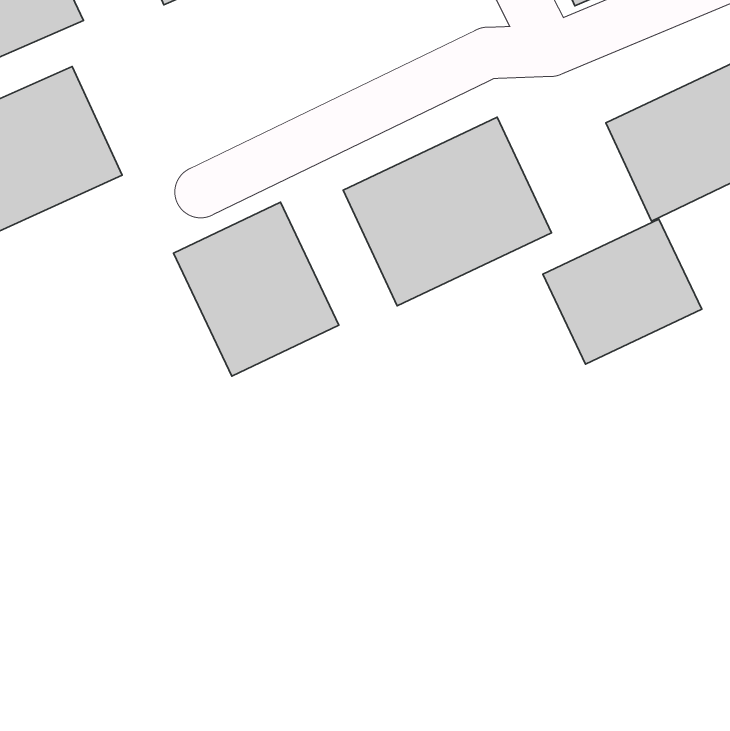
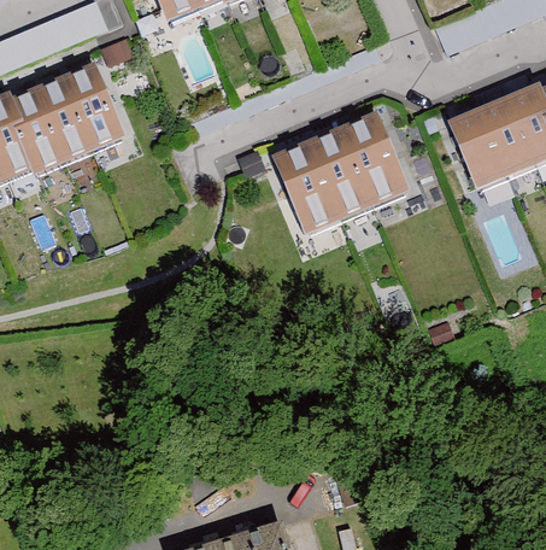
building: [174,202,339,376] -> none
building: [543,219,702,364] -> none

